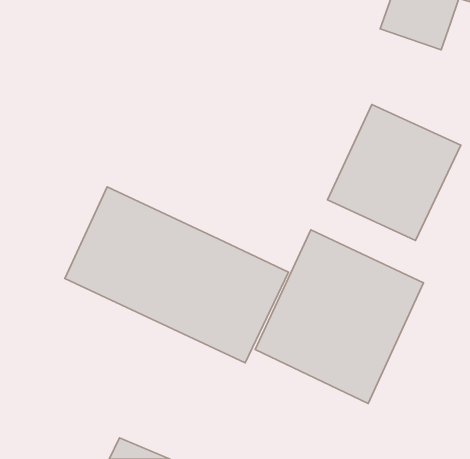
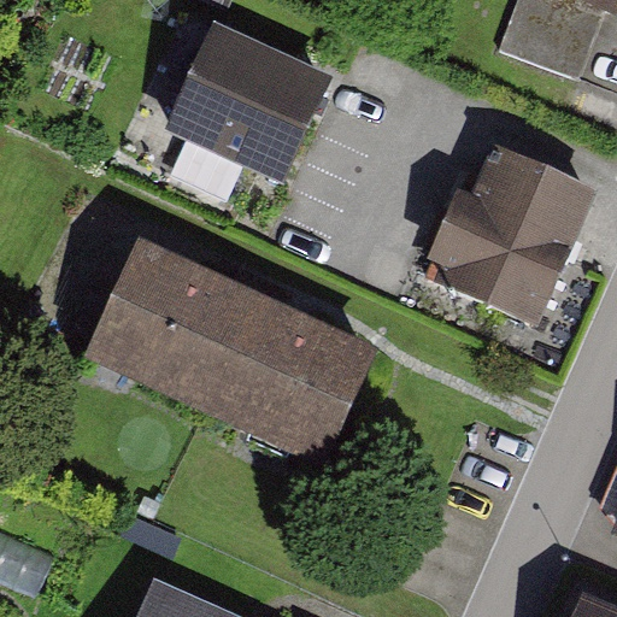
building: none -> [161,18,333,181]
building: [255,230,423,403] -> none

